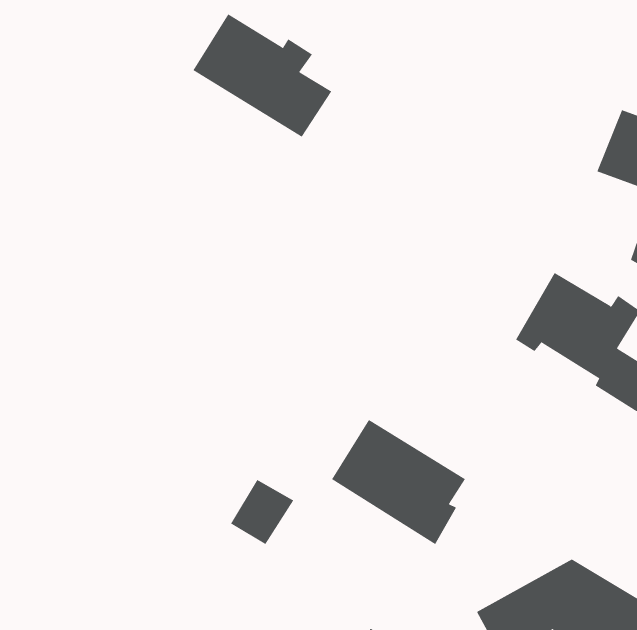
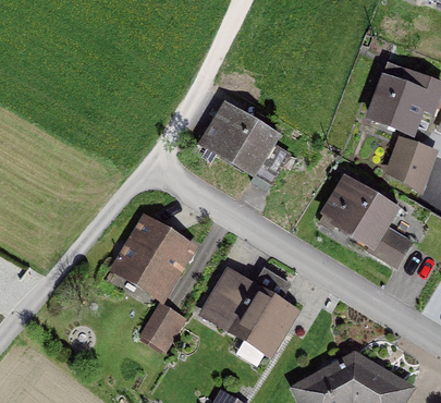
building: [192,14,332,137] -> [203,106,289,182]
building: none -> [117,220,189,293]

